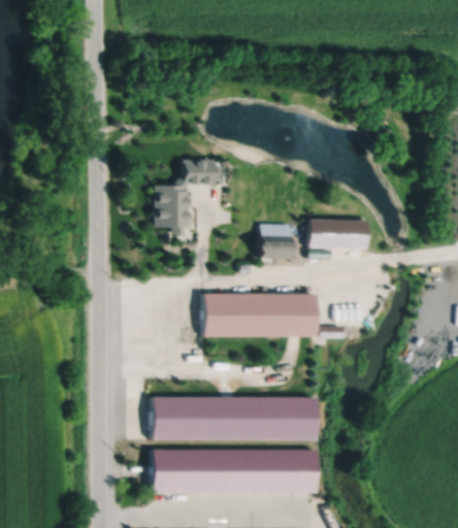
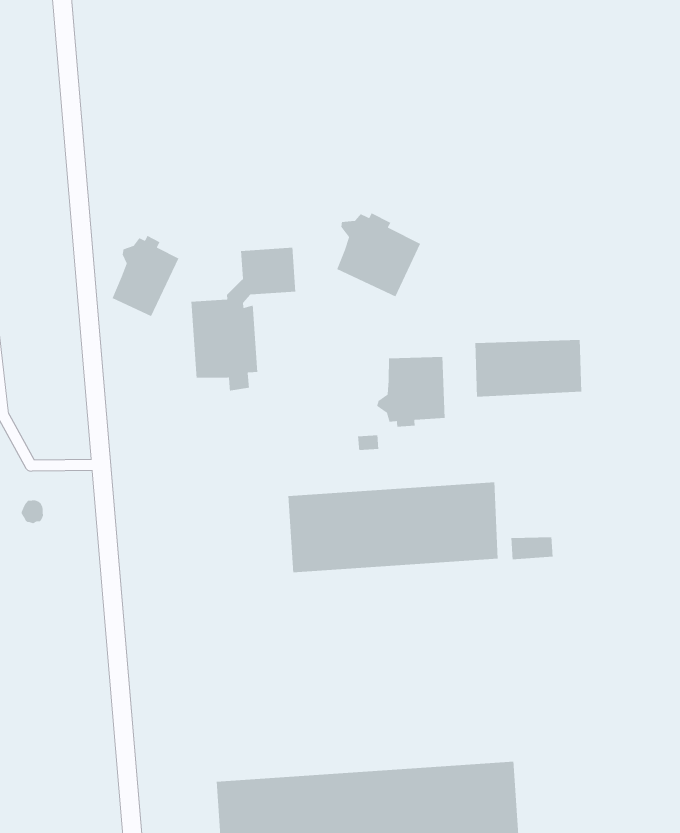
building: none -> [336,212,421,298]
building: none -> [112,235,179,317]
building: [154,396,317,439] -> none

